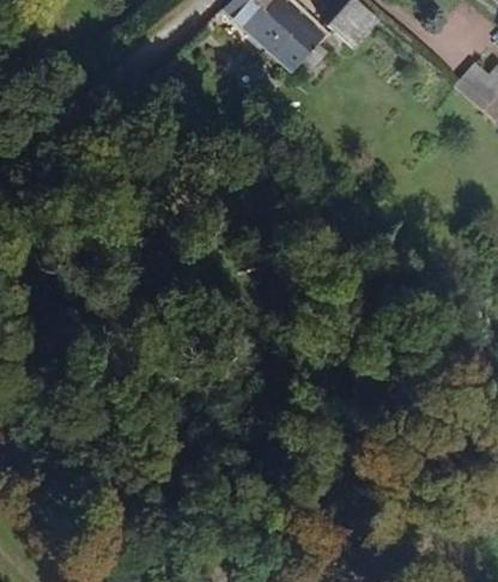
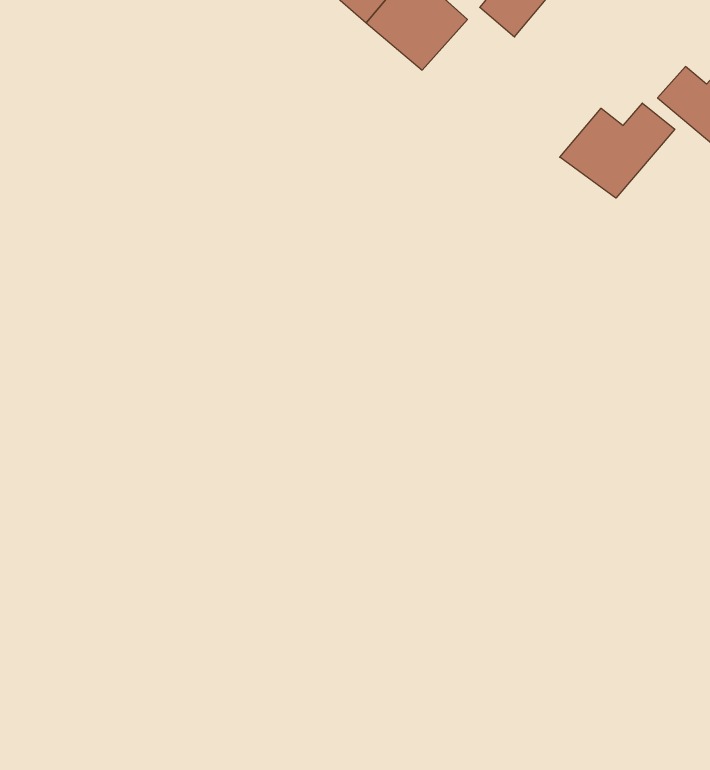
building: none -> [560,103,675,198]

